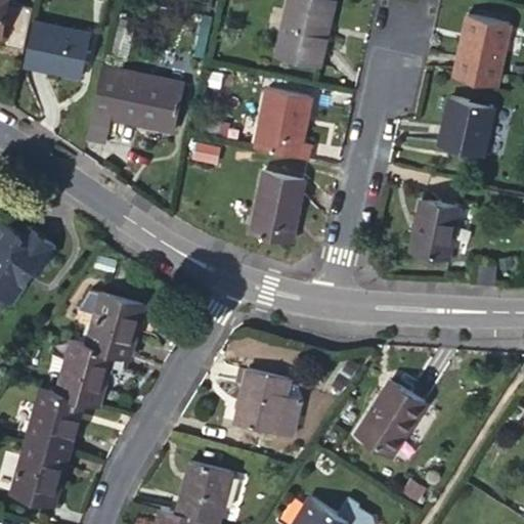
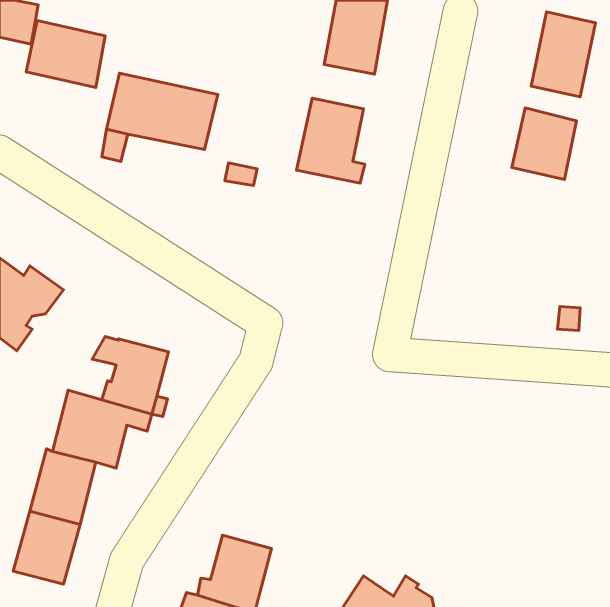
building: [252,170,305,243] -> none
building: [410,201,460,259] -> none
building: [233,369,300,436] -> none
building: [356,381,426,455] -> none

